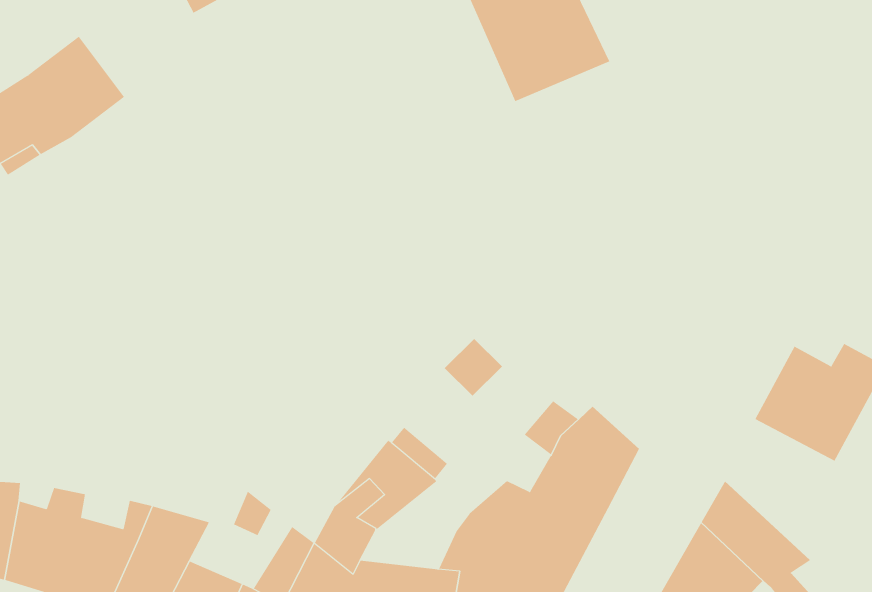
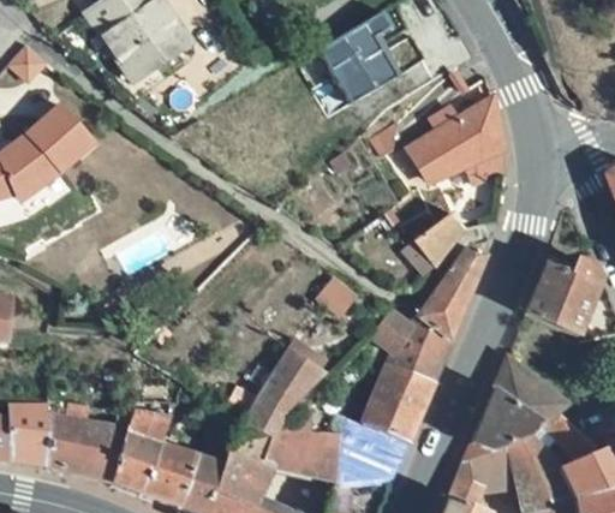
building: none -> [408,96,506,181]
building: none -> [402,213,466,270]
building: none -> [417,246,486,341]

